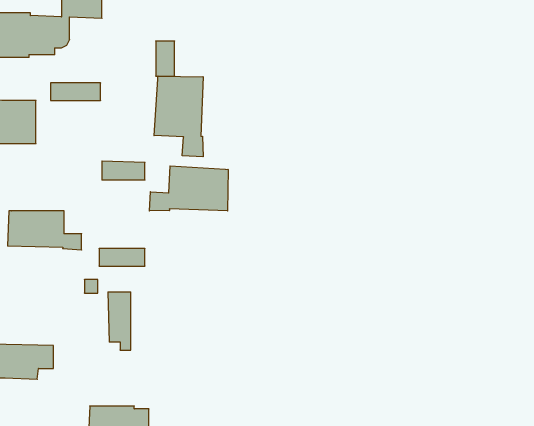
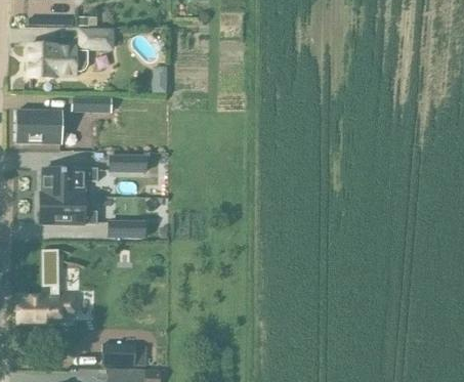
building: [154,76,203,157] -> none
building: [149,166,228,211] -> none
building: none -> [43,167,97,194]
building: [108,292,131,350] -> [41,248,58,292]

